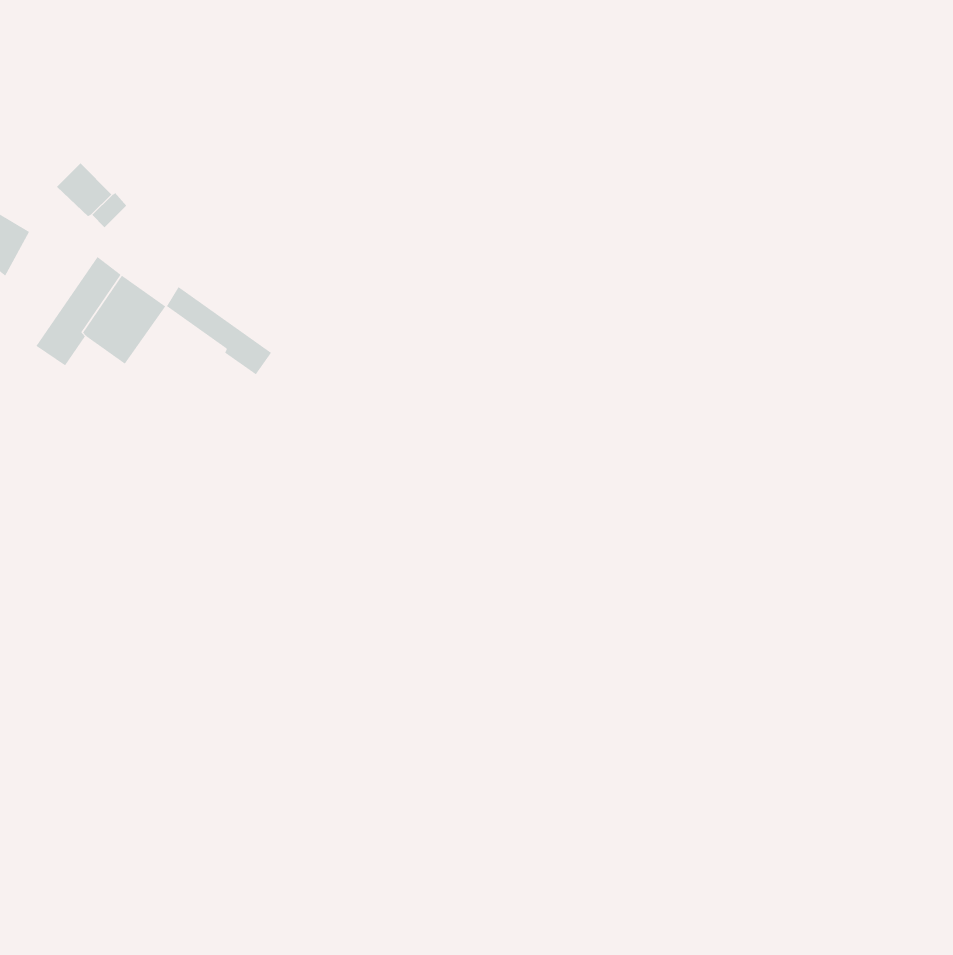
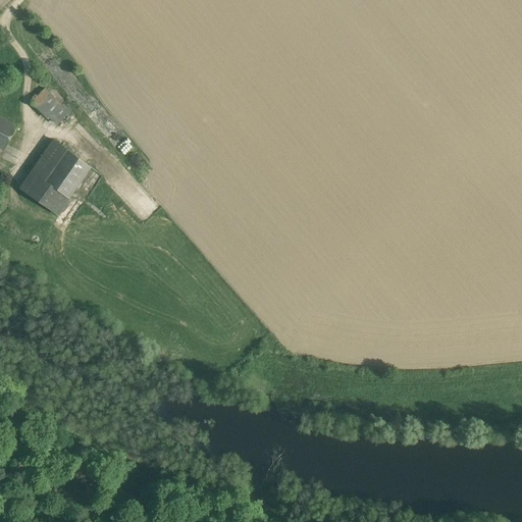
building: [166,286,272,375] -> none
building: none -> [36,184,68,215]

